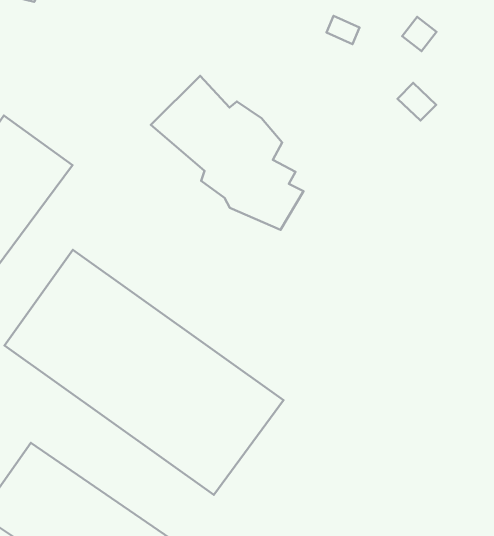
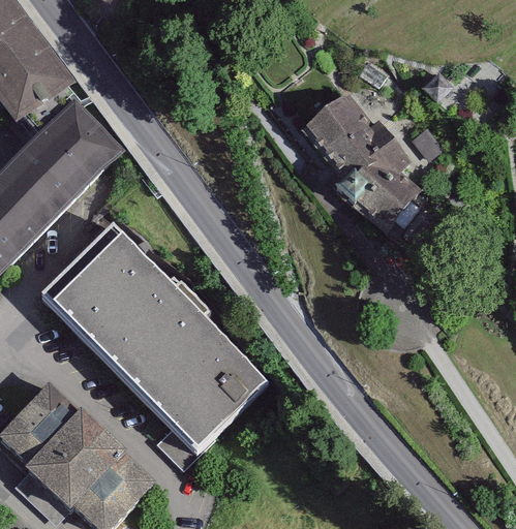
building: [151,76,303,230] -> [301,94,422,237]

